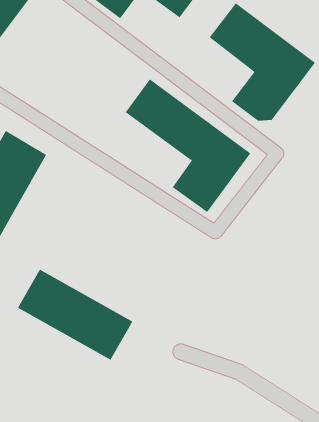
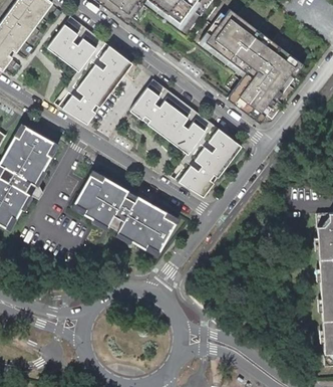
building: none -> [47,15,133,125]
building: [17,269,133,361] -> [72,171,177,253]

